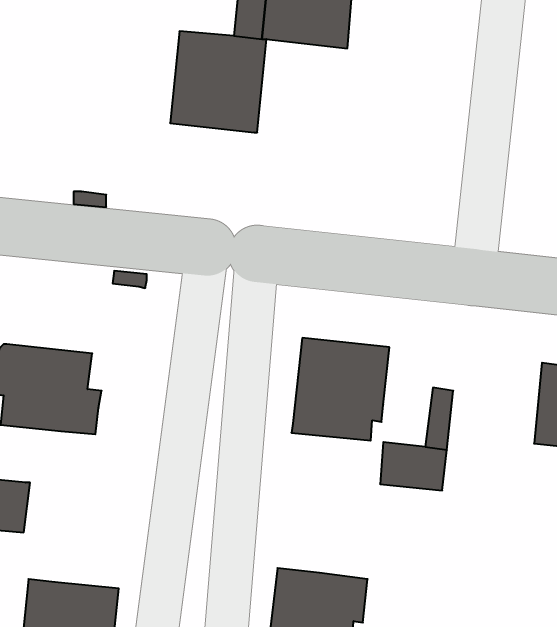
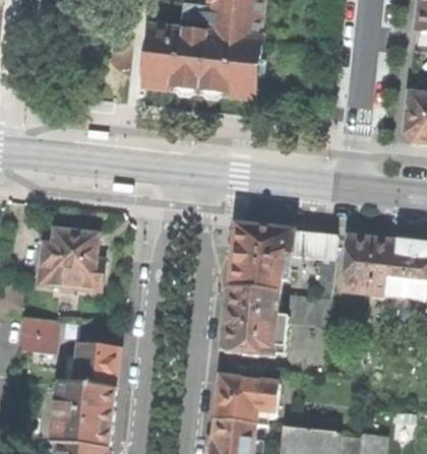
building: none -> [204,30,265,96]
building: none -> [287,232,336,270]
building: none -> [341,238,390,295]
building: none -> [221,287,279,355]
building: none -> [72,343,118,389]

